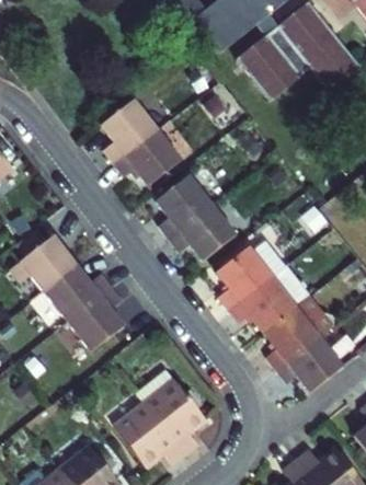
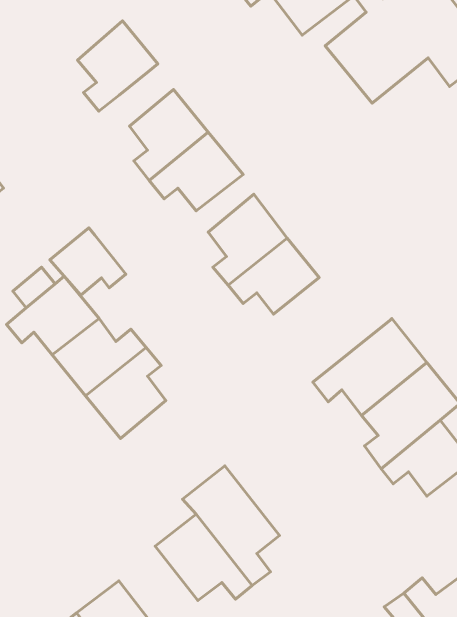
building: none -> [77,21,158,111]
building: none -> [50,228,126,295]
building: [217,236,286,308] -> none

